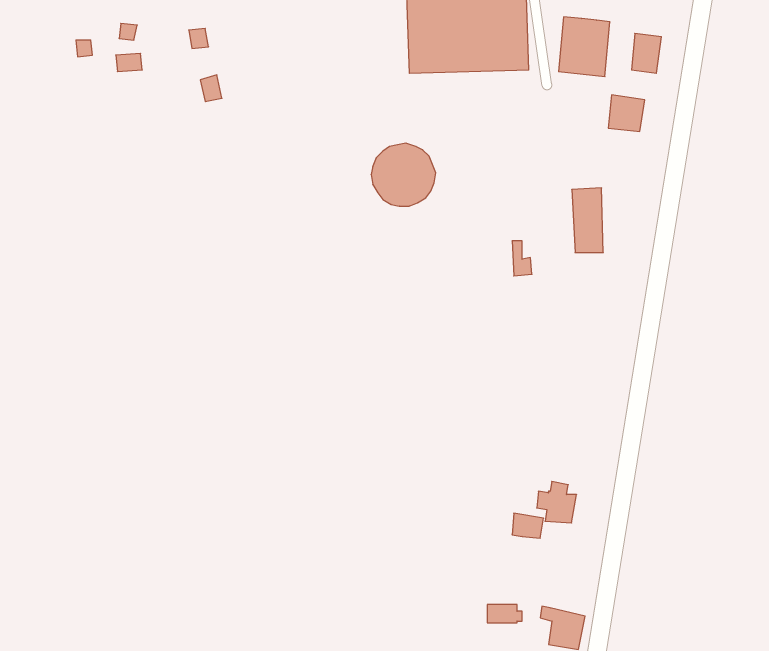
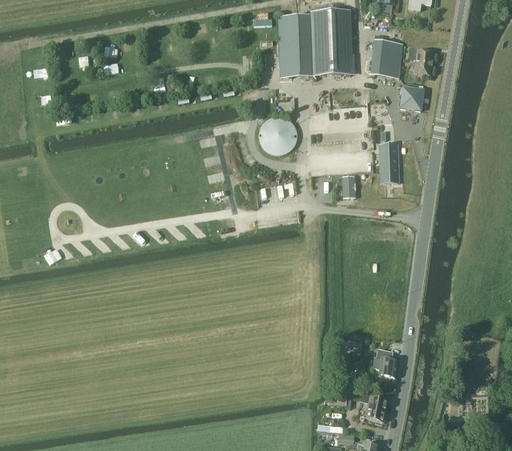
building: [537,481,577,523] -> [373,352,397,377]

